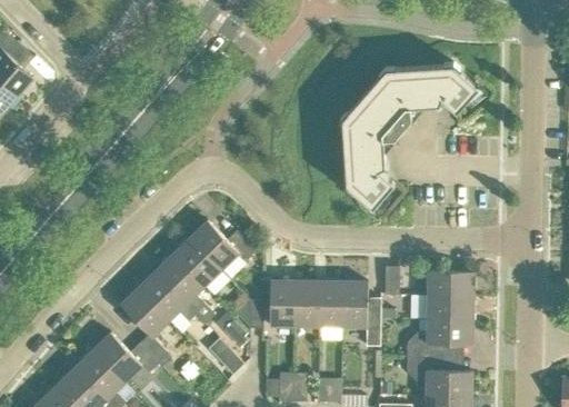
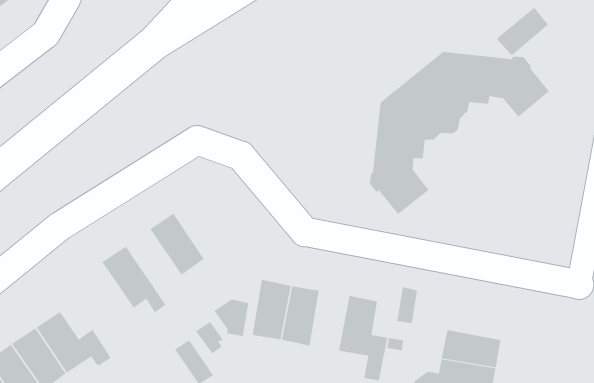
building: none -> [496,7,549,56]
building: [189,219,254,270] -> none
building: [154,254,214,322] -> none
building: [427,270,472,296] -> none
building: [318,280,342,327] -> none
building: [119,287,170,366] -> none

